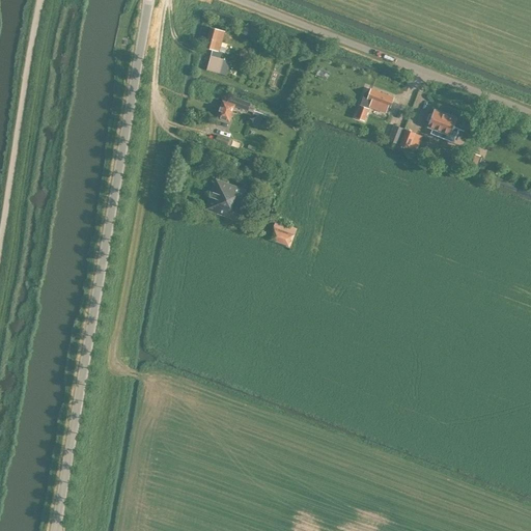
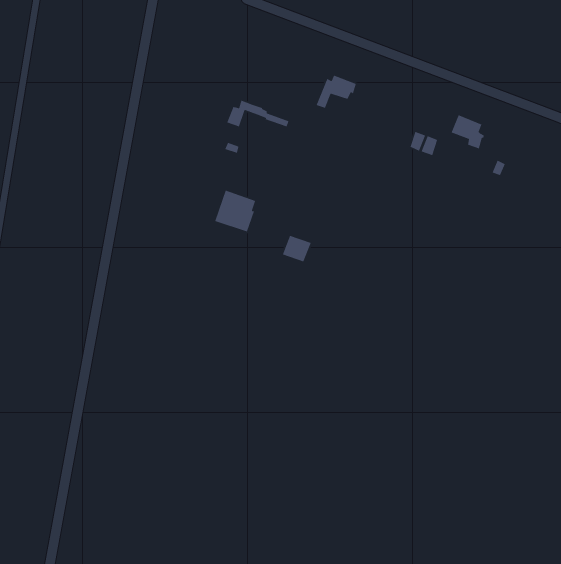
building: [205,27,226,73] -> none
building: [355,88,393,120] -> [316,74,357,109]

